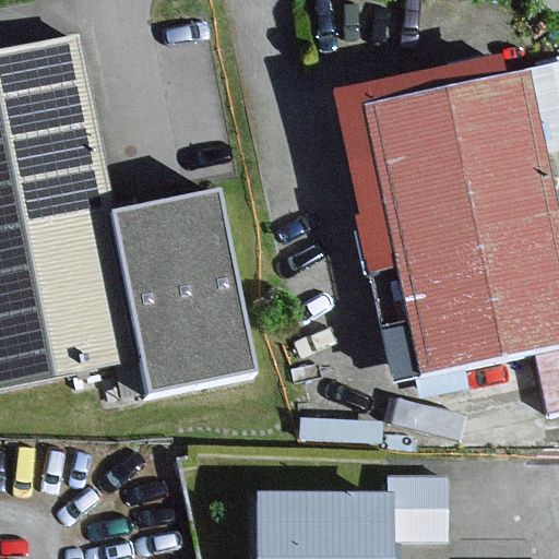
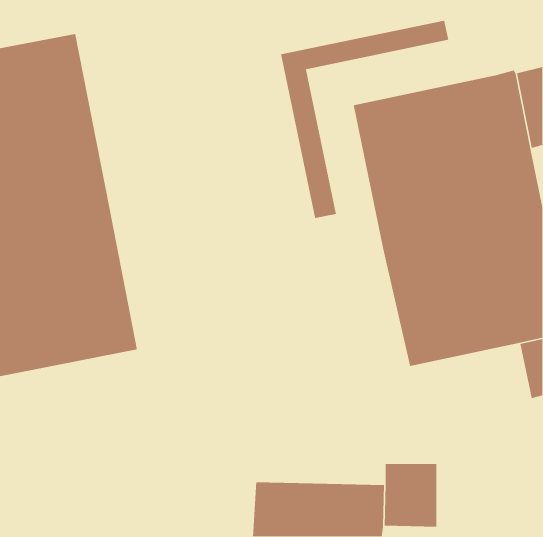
building: [333,56,506,259] -> [280,20,449,219]
building: [112,191,258,394] -> none

